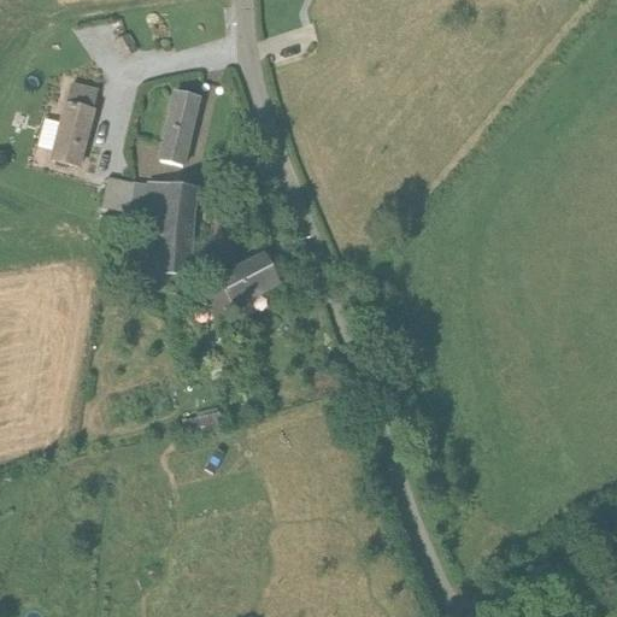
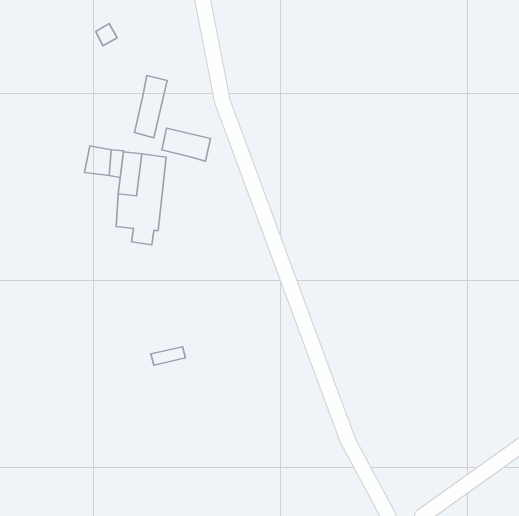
building: [51,80,100,163] -> none
building: none -> [162,128,210,161]
building: [222,255,277,301] -> none

